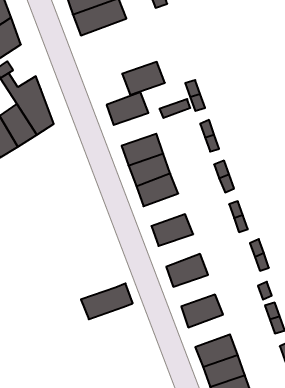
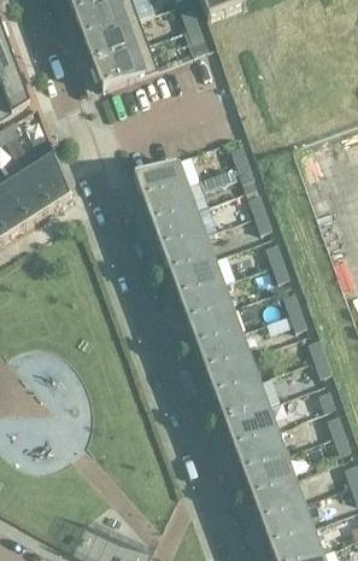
building: [122,62,165,95] -> [142,182,194,222]
building: none -> [178,280,229,320]
building: none -> [196,329,247,369]
building: [81,283,133,319] -> [215,374,277,417]
building: none -> [233,427,283,467]

